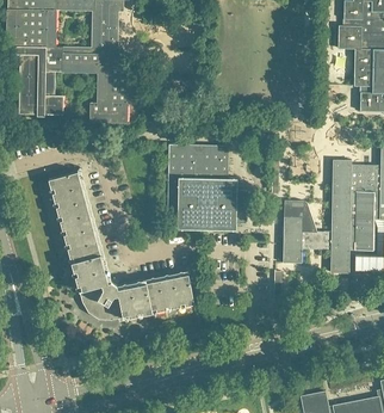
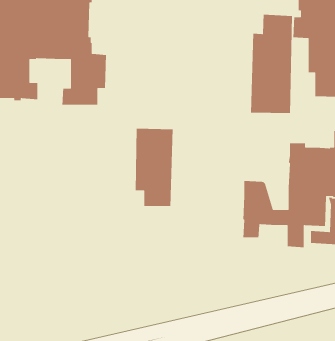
building: none -> [250,14,293,114]
building: [206,146,247,229] -> none
building: [48,171,193,320] -> none

